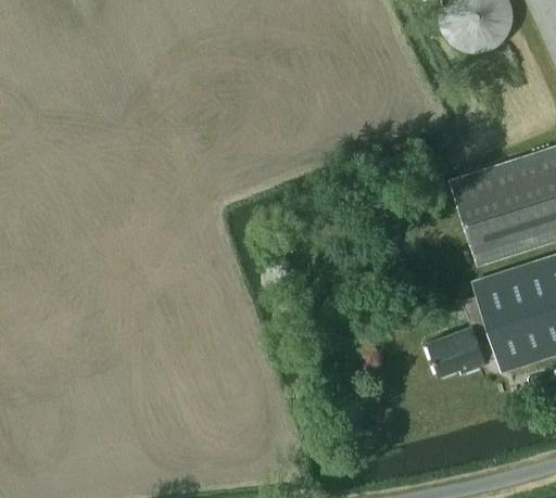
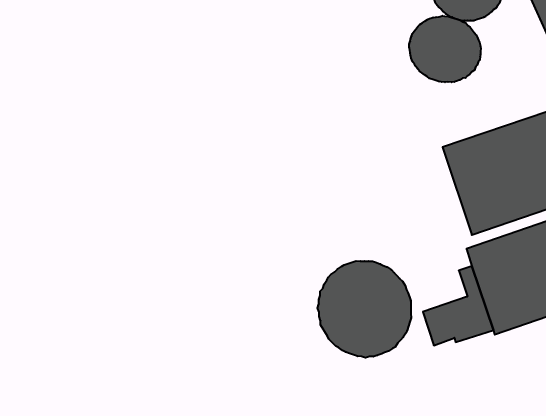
building: none -> [409,16,481,82]
building: none -> [318,261,411,358]

